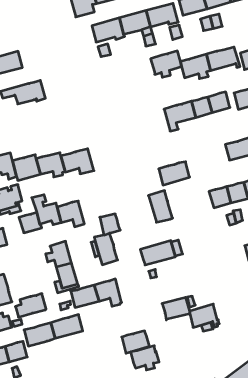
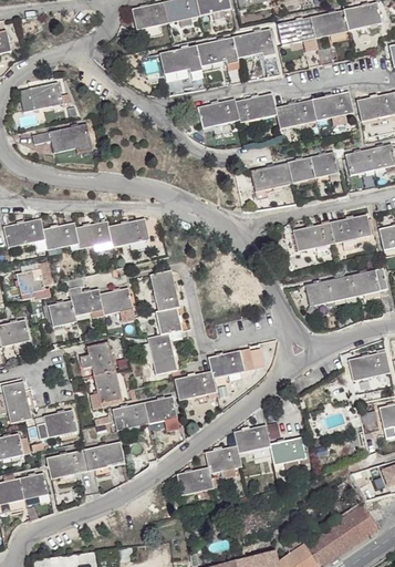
building: none -> [198,97,240,135]
building: [159,162,190,185] -> [293,221,334,251]
building: [148,191,173,222] -> [149,268,180,310]
building: none -> [174,370,218,400]
building: [131,346,159,370] -> [205,444,242,476]

